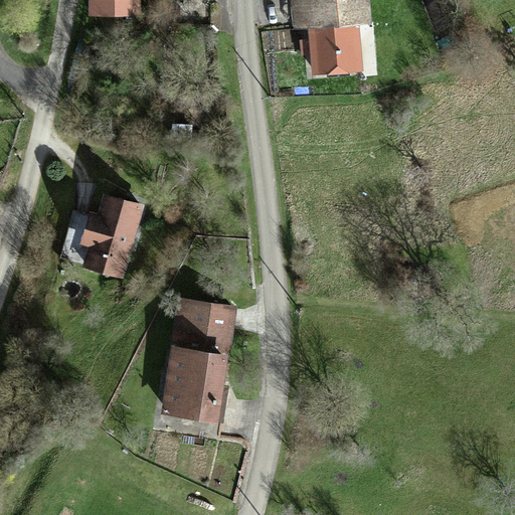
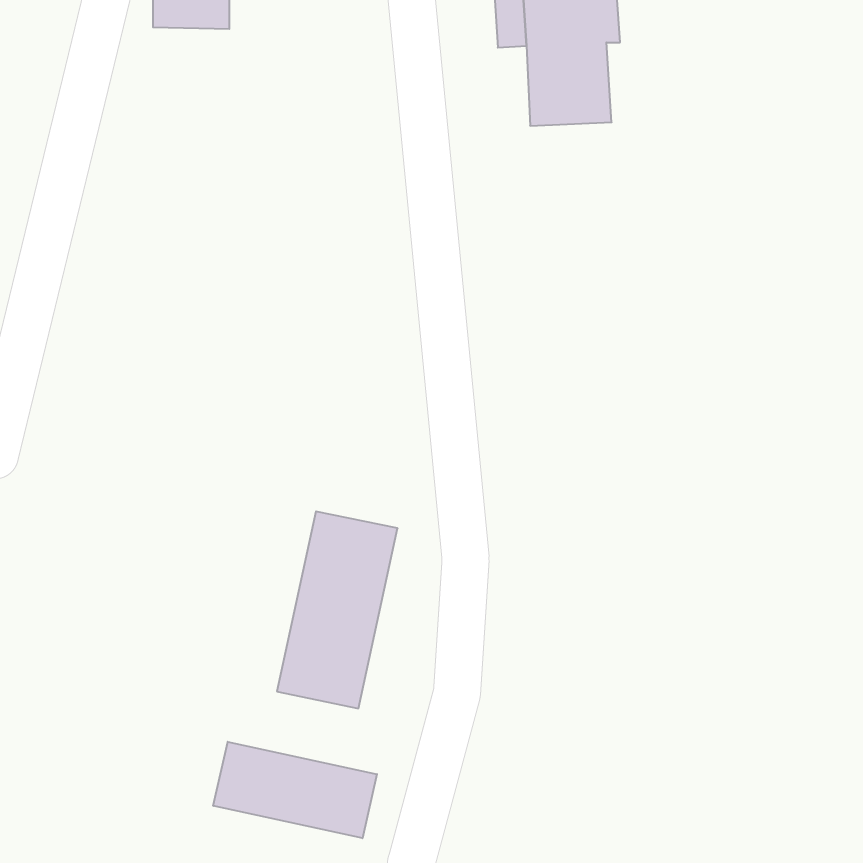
building: [64,200,140,277] -> none
building: none -> [213,742,377,838]

